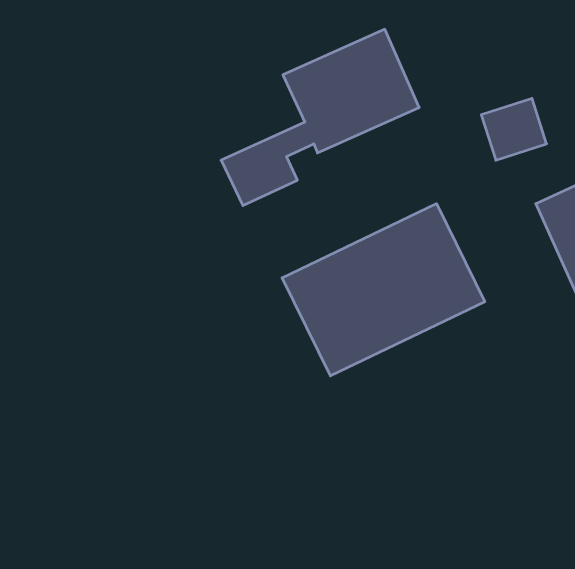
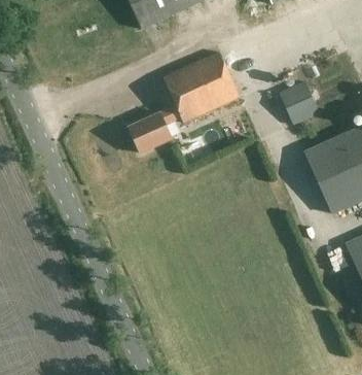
building: [282,204,485,376] -> none

